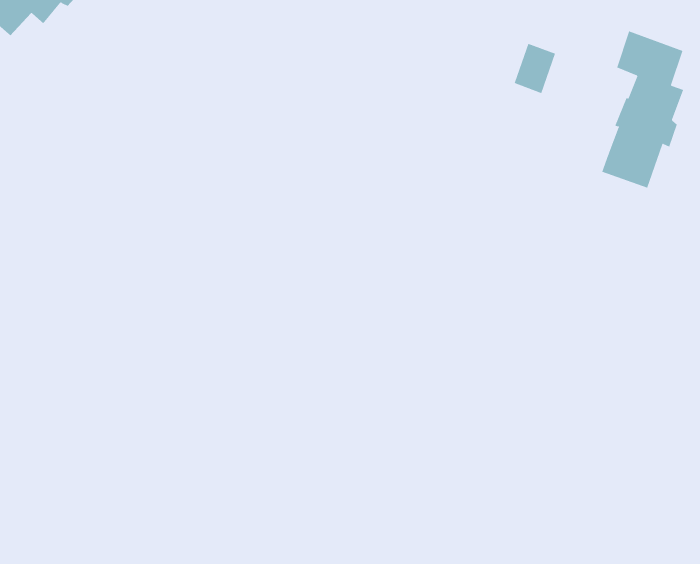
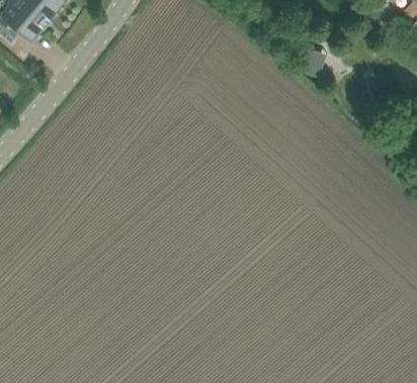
building: [601,31,684,189] -> none

